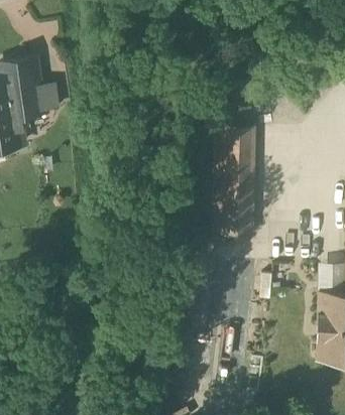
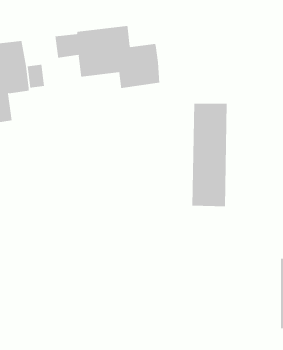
building: none -> [55,25,160,89]

